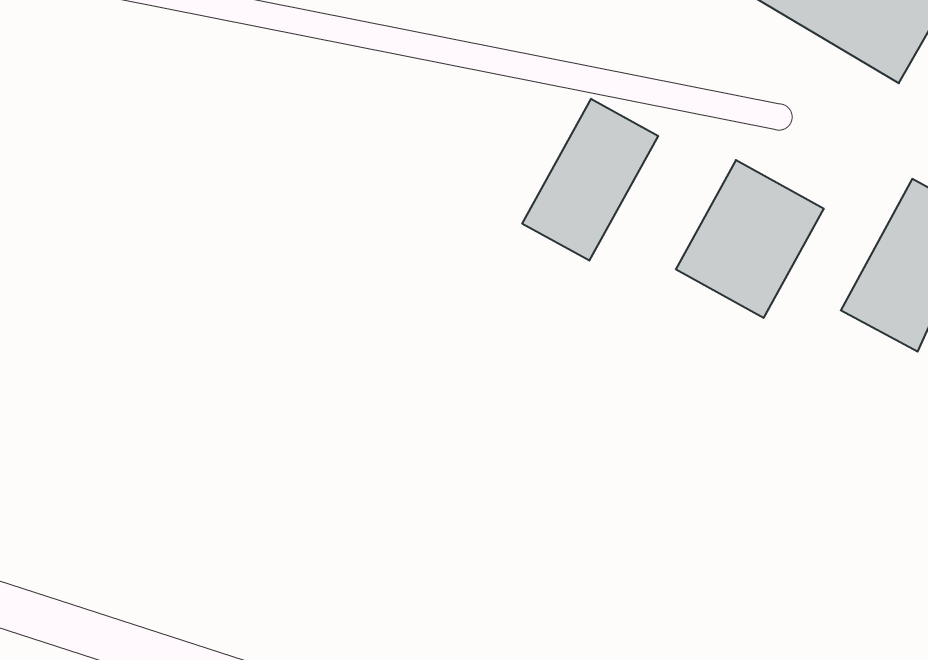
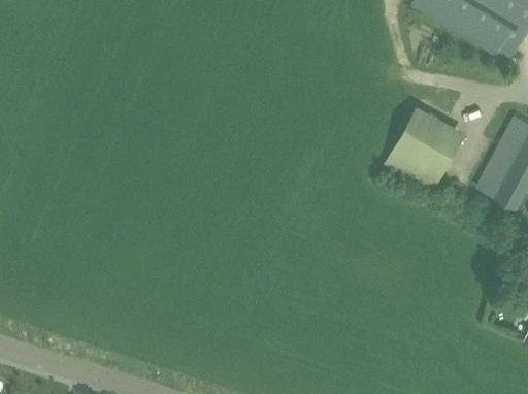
building: [522,99,658,261] -> none

